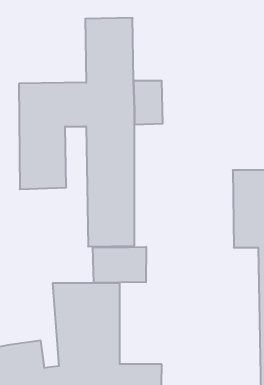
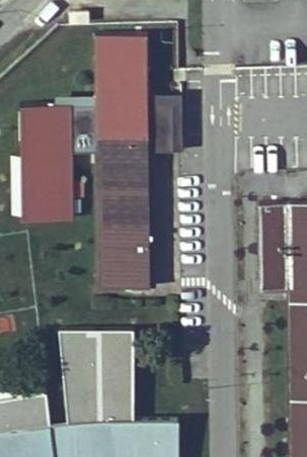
building: [93,247,146,283] -> none

